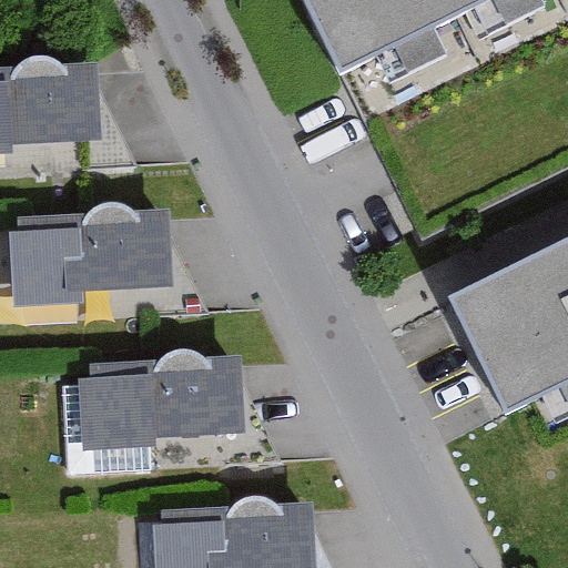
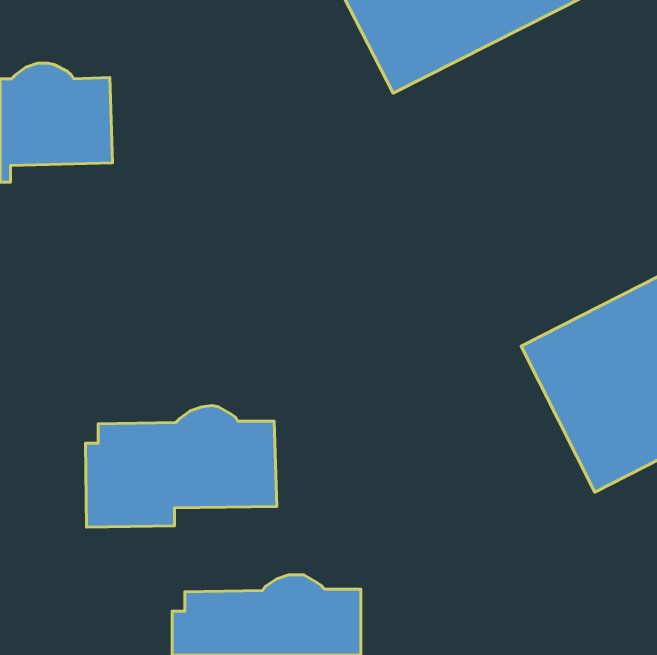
building: [8,202,171,306] -> none

